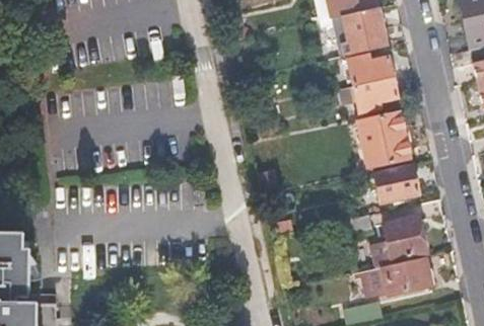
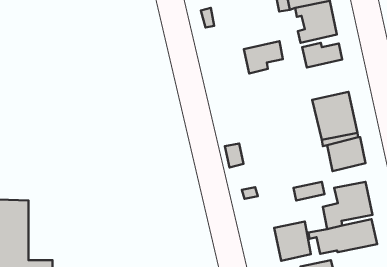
building: [352,75,397,111] -> [244,41,283,73]
building: none -> [274,222,311,261]

